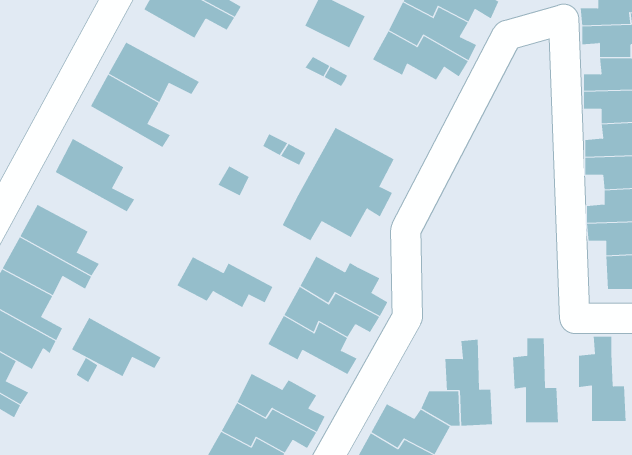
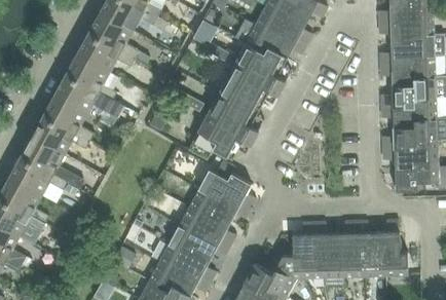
building: none -> [88,12,140,59]
building: none -> [222,44,287,108]
building: none -> [54,74,112,113]
building: [177,256,273,308] -> [169,226,230,259]
building: [71,317,161,377] -> [32,116,89,154]
building: none -> [356,222,385,276]
building: none -> [313,223,343,277]

